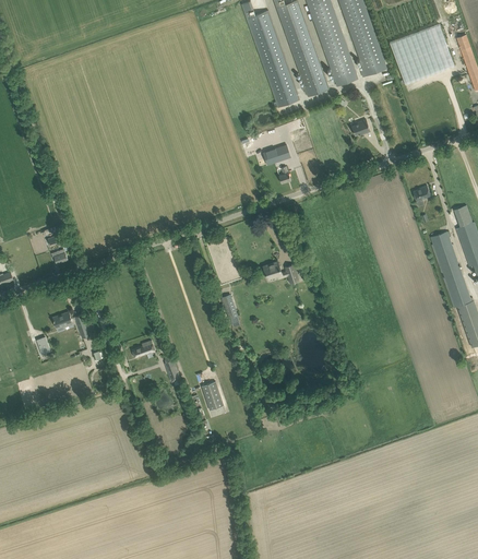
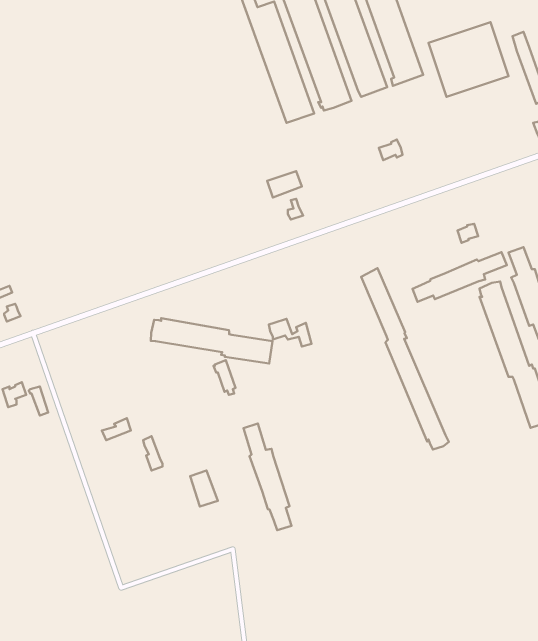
building: none -> [412,252,507,302]
building: none -> [361,268,449,450]
building: none -> [151,318,273,364]
building: none -> [243,424,291,530]

